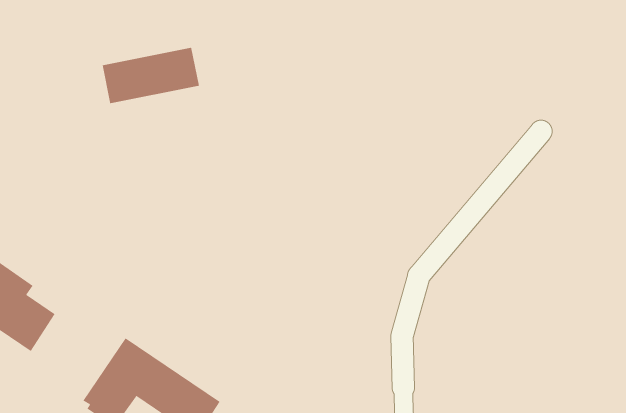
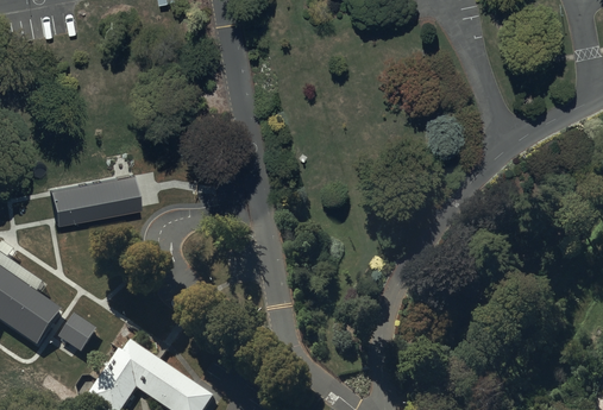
building: [102,47,200,104] -> [50,171,140,223]
building: none -> [56,313,96,353]

